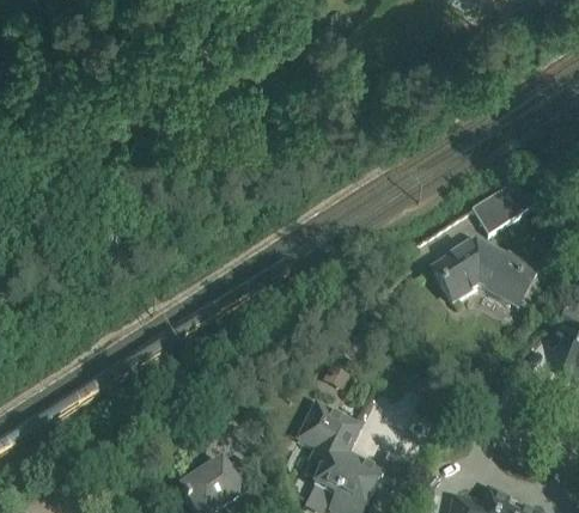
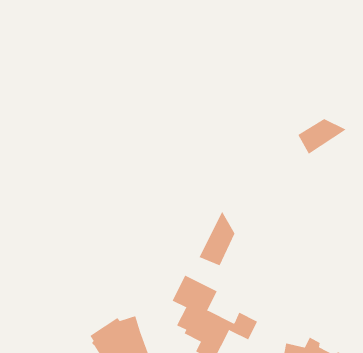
building: [429,243,536,306] -> none
building: none -> [199,211,235,266]

